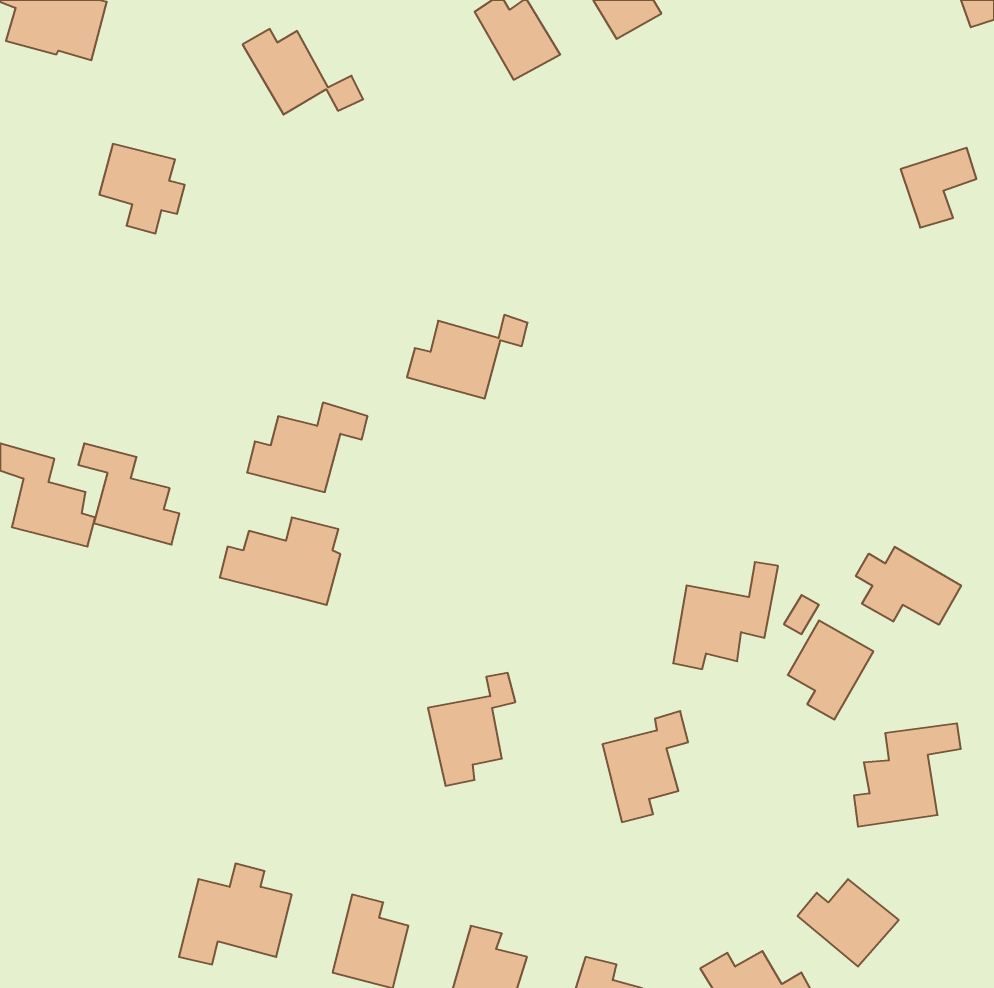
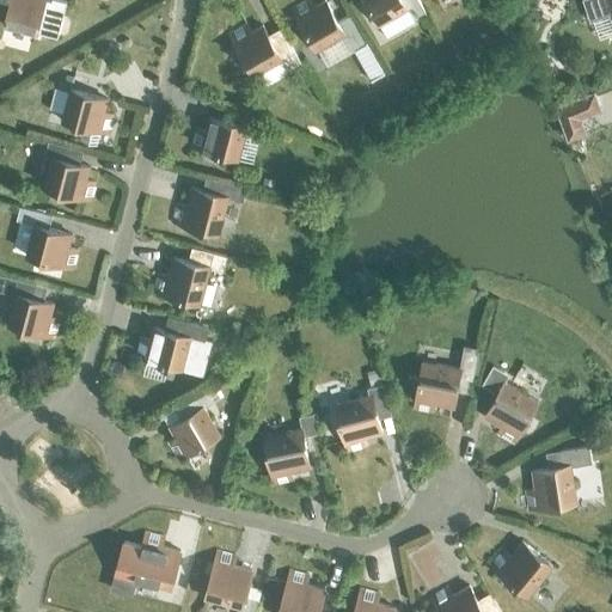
building: [243,29,363,115] -> [228,26,302,79]
building: none -> [190,121,246,161]
building: none -> [43,143,96,203]
building: [407,315,528,399] -> [171,185,245,237]
building: [78,443,179,545] -> [16,209,78,271]
building: [856,547,961,625] -> none
building: none -> [161,386,220,461]
building: [602,711,688,822] -> [335,386,387,454]

